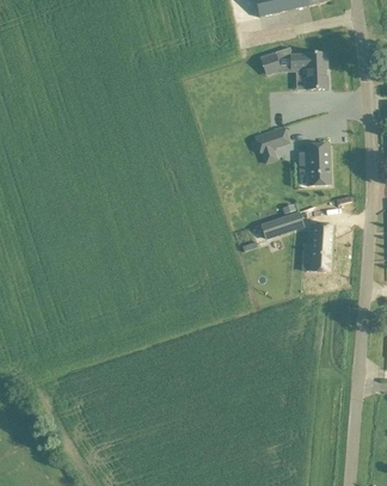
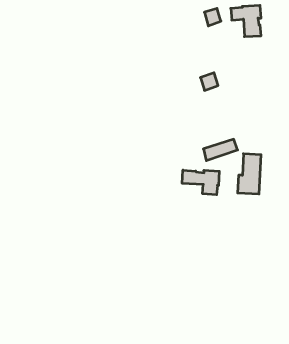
building: [300,148,332,191] -> none
building: none -> [182,170,219,195]

